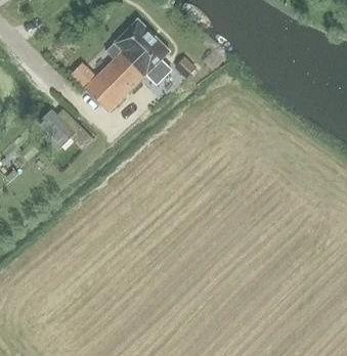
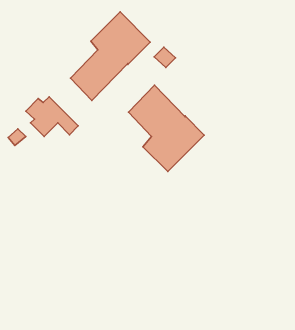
building: none -> [129,85,204,172]

